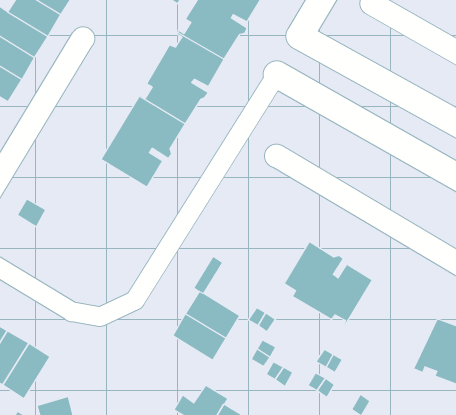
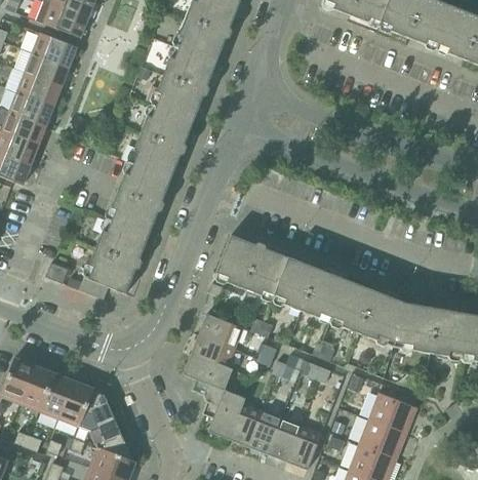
building: none -> [79,218,149,298]
building: none -> [214,234,289,298]
building: none -> [330,279,405,346]
building: none -> [183,353,233,394]
building: none -> [78,388,114,430]

